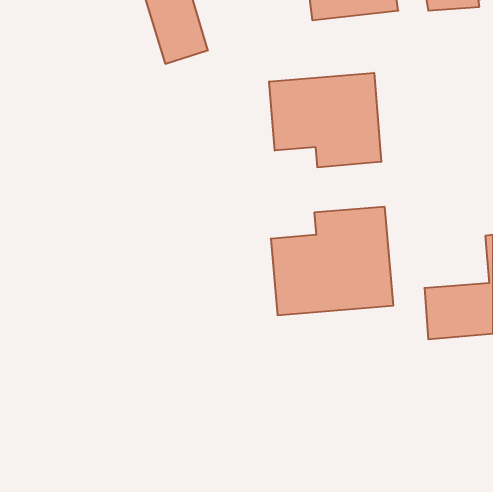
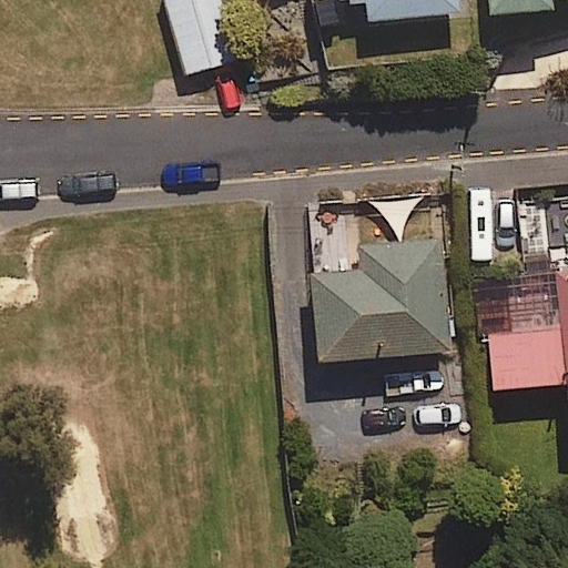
building: [269,73,381,167] -> none

